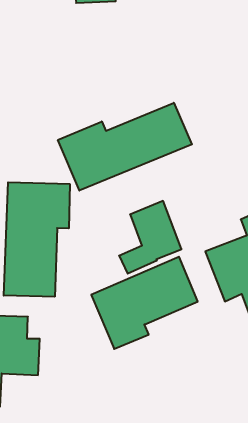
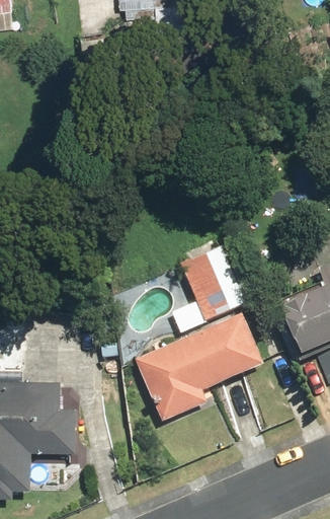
building: [58,103,192,191] -> none
building: [4,182,70,297] -> none

